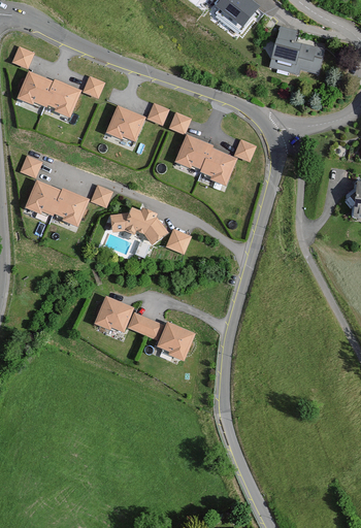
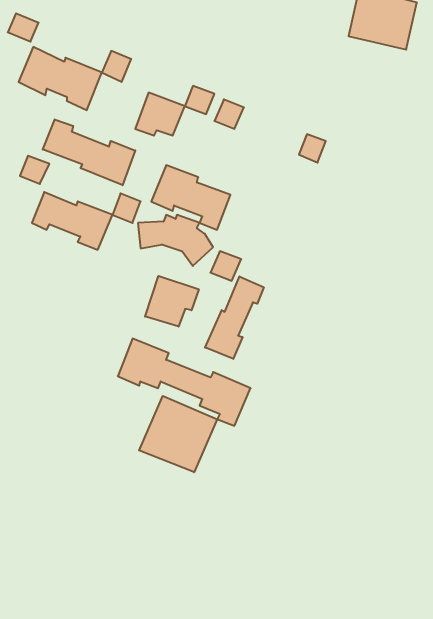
building: none -> [43,119,135,185]
building: [175,136,236,186] -> [151,165,230,230]
building: none -> [145,276,199,327]
building: none -> [205,276,264,359]
building: none -> [139,396,217,472]

